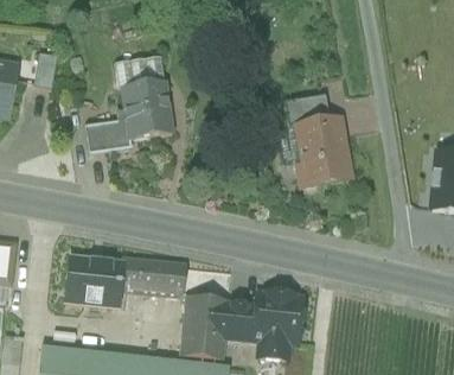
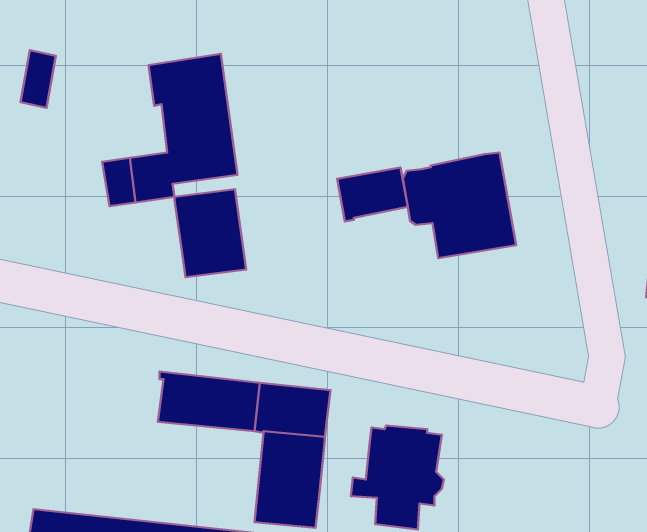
building: [283,96,328,131] -> [337,168,408,222]
building: none -> [175,189,246,277]
building: [64,259,123,309] -> none
building: [223,304,255,339] -> none

